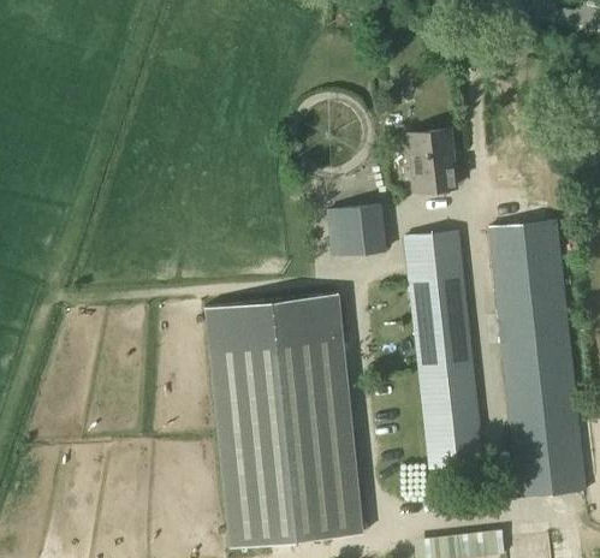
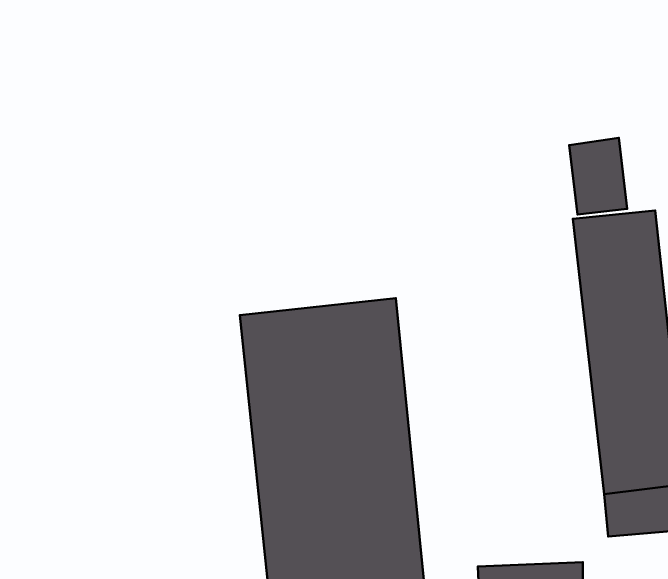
building: [406,129,456,194] -> [569,138,627,215]
building: [326,206,386,259] -> none
building: [406,232,483,470] -> none

